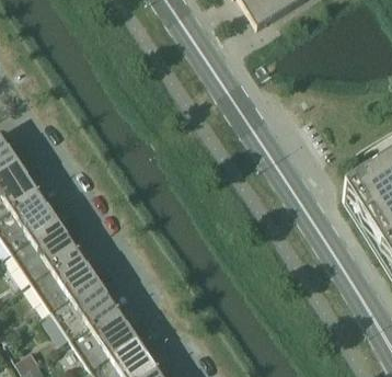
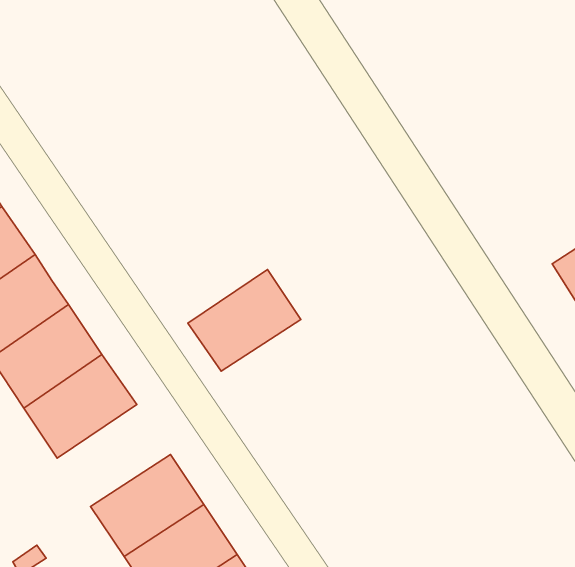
building: [50,278,117,339] -> [188,269,301,371]

